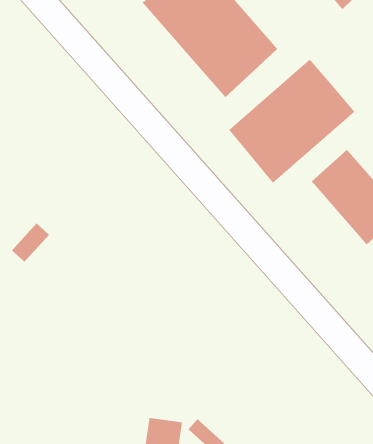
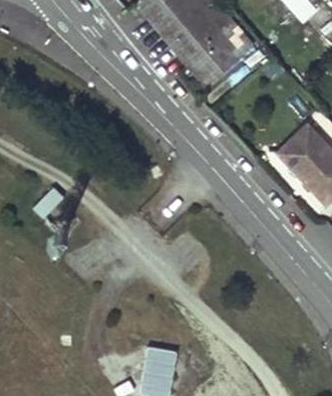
building: [228,58,356,184] -> none

